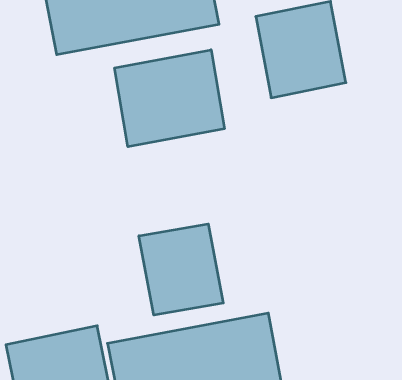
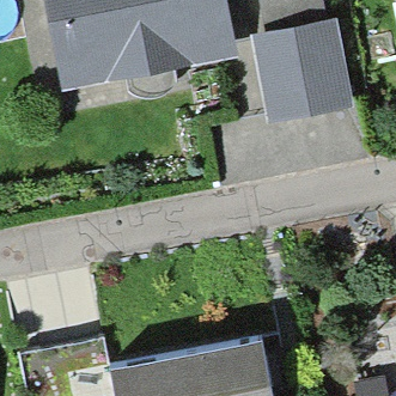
building: [115,50,224,147] -> none
building: [139,224,223,315] -> none

